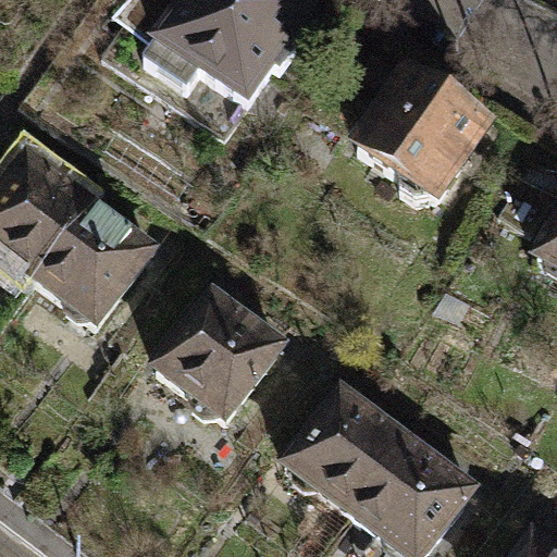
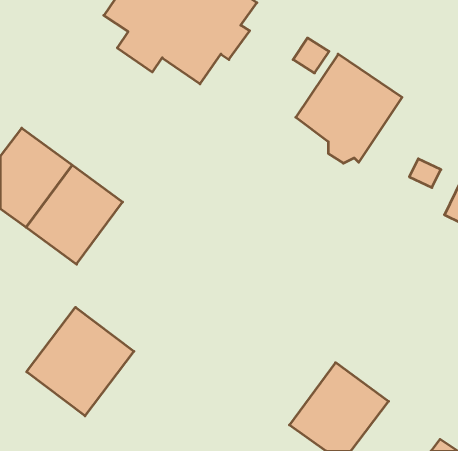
building: [158,292,283,418] -> none
building: none -> [27,307,134,416]
building: [287,388,408,512] -> none

